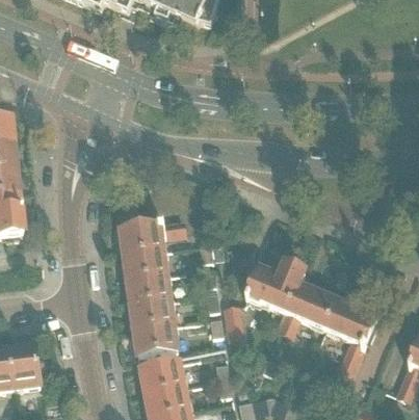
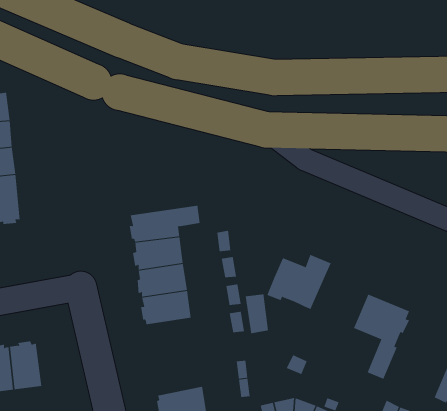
building: [280,281,338,334] -> none
building: [133,319,181,350] -> none
building: [139,357,187,390] -> none

